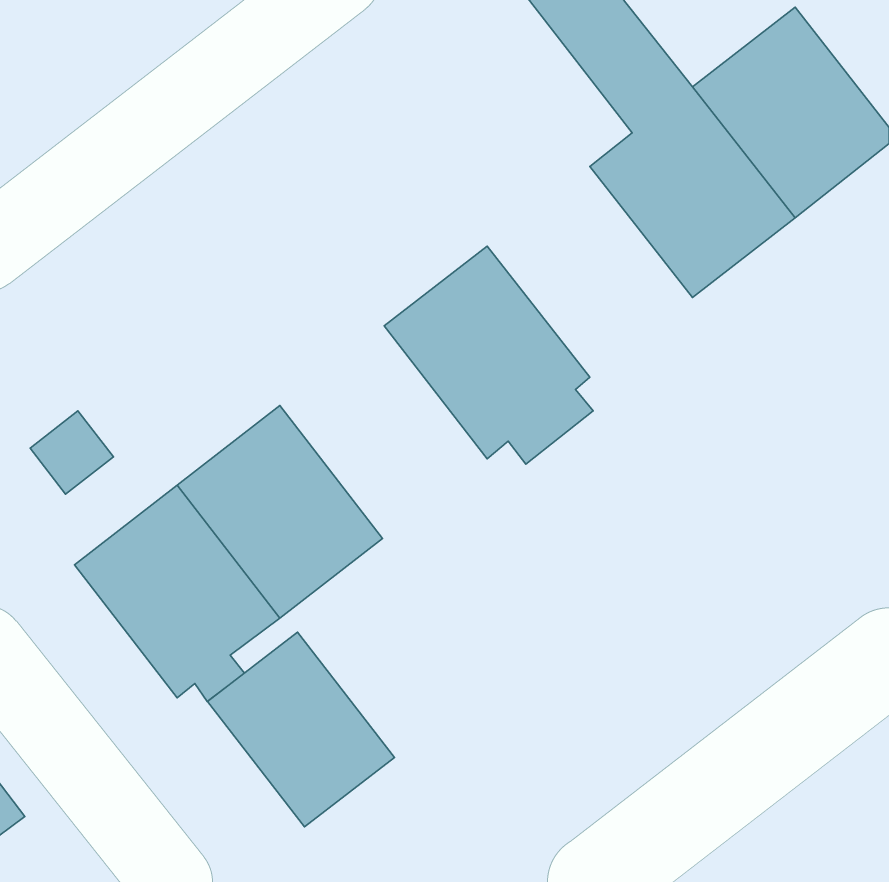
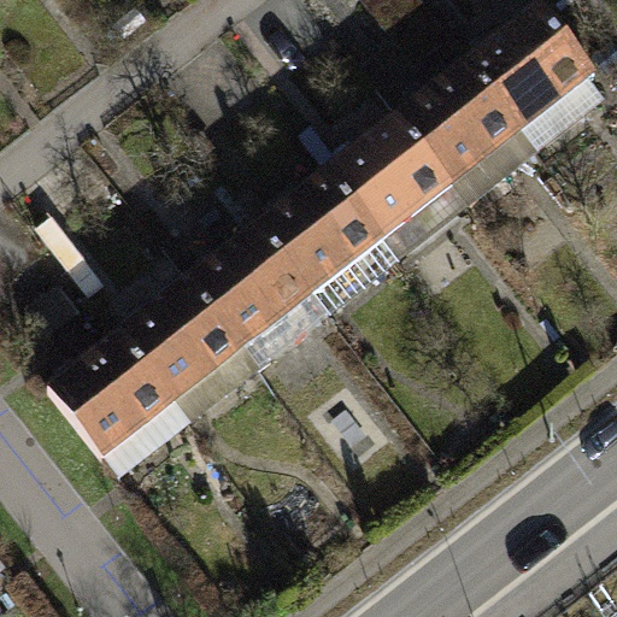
building: none -> [331,104,471,264]
building: none -> [190,222,331,366]
building: [207,632,394,827] -> none

